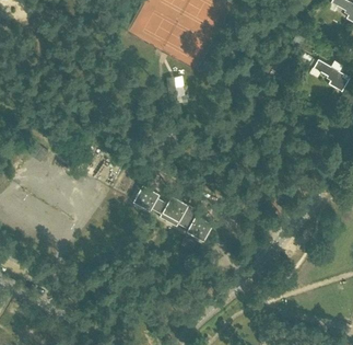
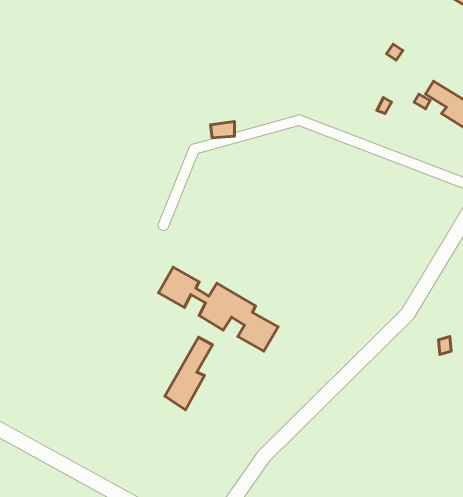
building: none -> [165,337,212,410]

